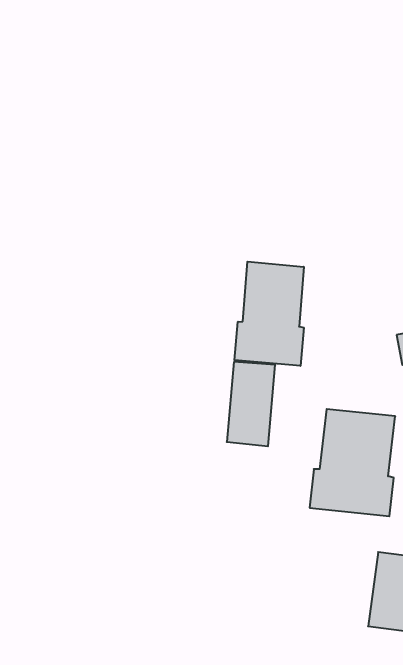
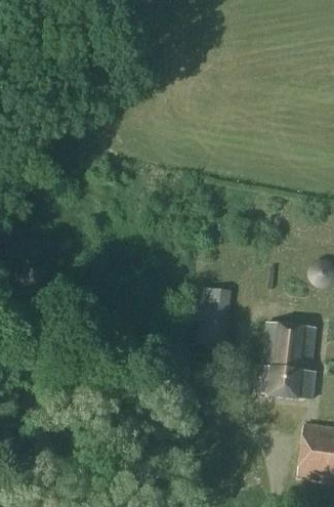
building: [235,262,304,366] -> none

